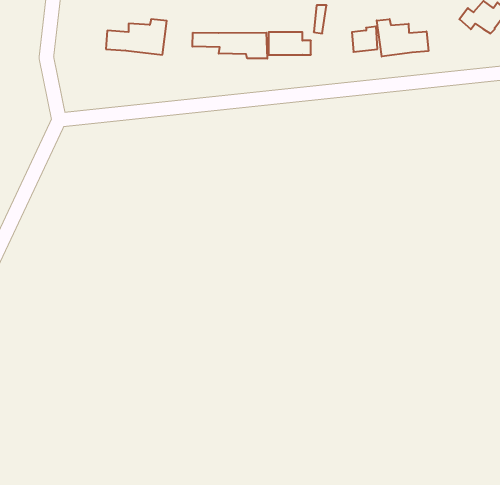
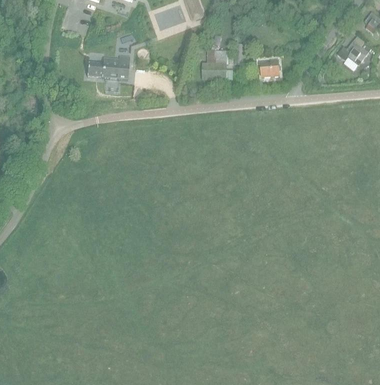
building: [377,19,428,57] -> none
building: [192,33,267,59] -> none

